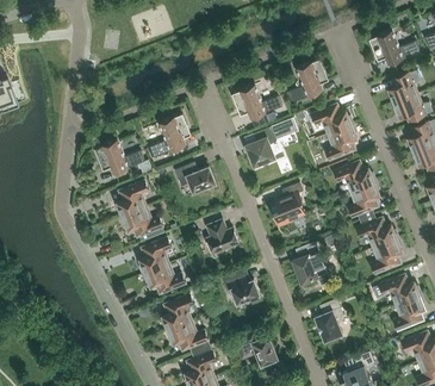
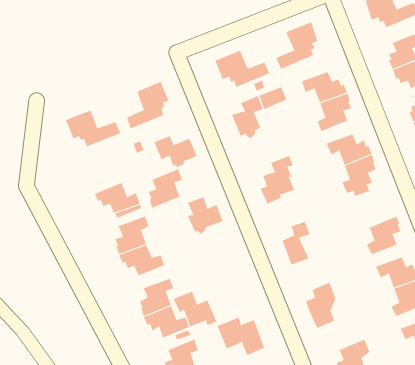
building: [117,180,149,217] -> [148,168,183,209]
building: [356,214,399,248] -> none
building: [222,270,262,304] -> [173,291,217,327]

